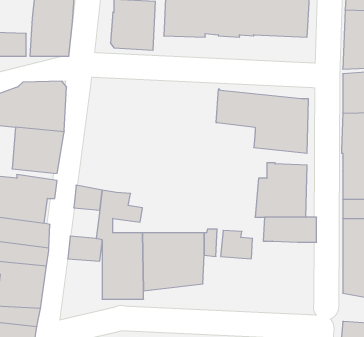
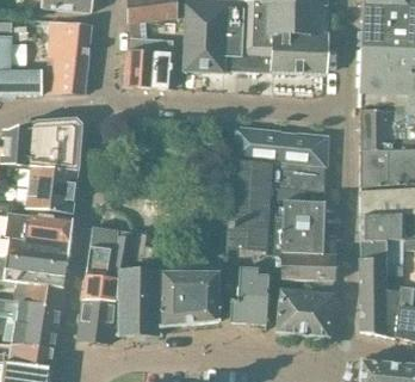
building: none -> [227,160,272,251]
building: none -> [86,246,116,277]
building: none -> [277,281,334,338]
building: none -> [230,295,268,325]
building: none -> [78,297,116,344]

